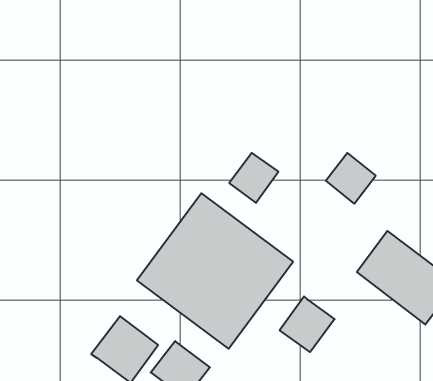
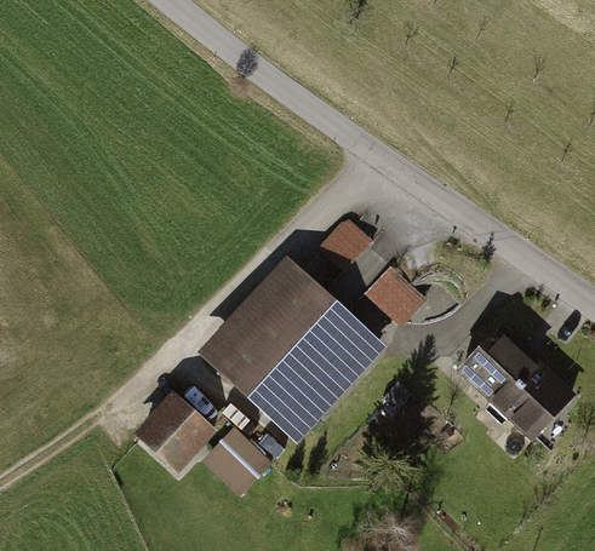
building: [326,153,376,204] -> [367,271,427,332]
building: [280,296,335,352] -> none

